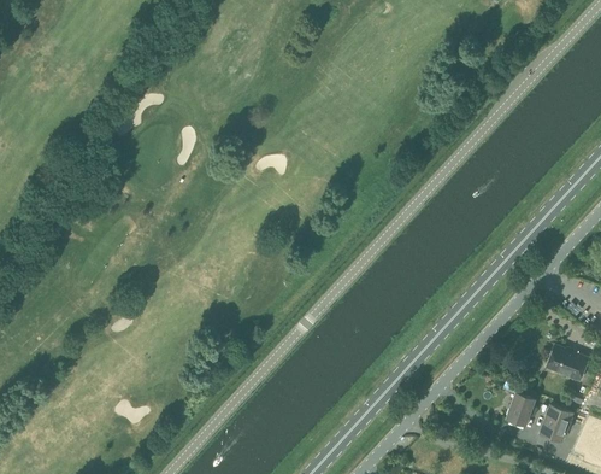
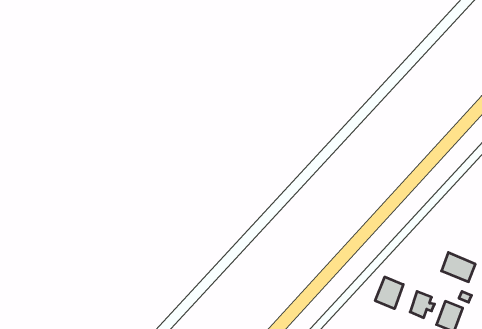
building: none -> [375,277,403,309]

